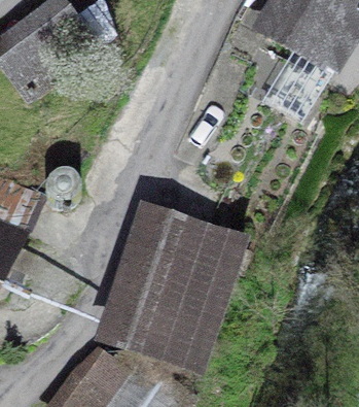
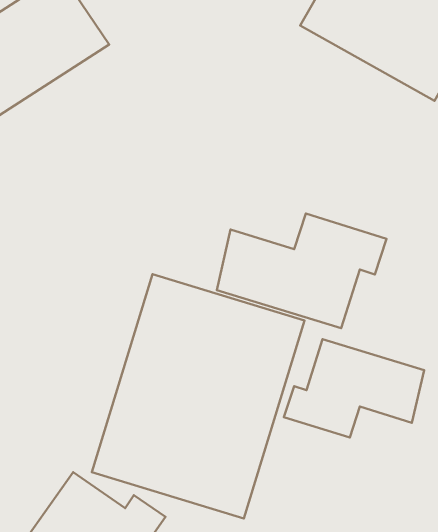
building: none -> [217,214,387,328]
building: none -> [284,339,424,438]

